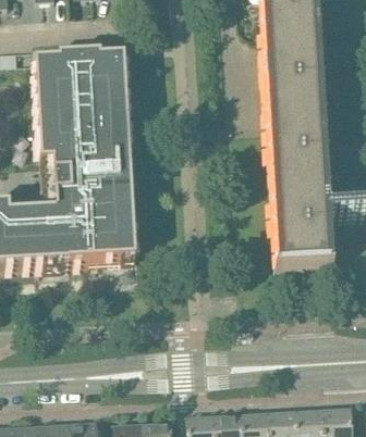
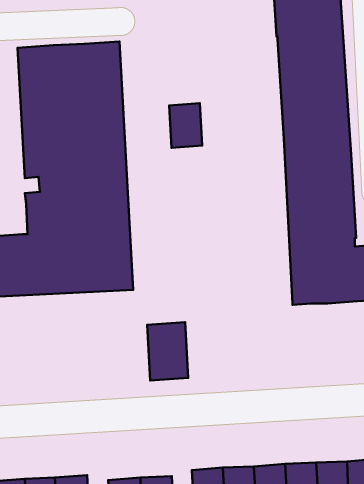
building: none -> [169,103,202,148]
building: none -> [147,322,188,380]

